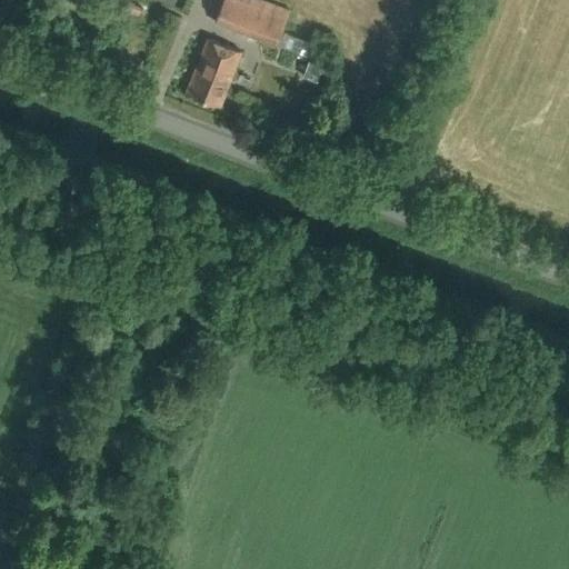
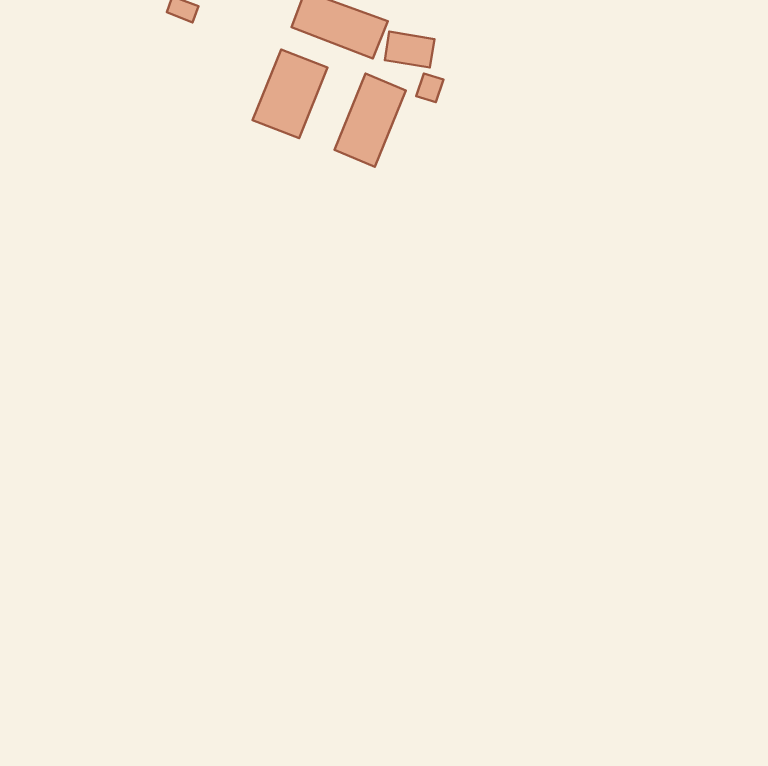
building: none -> [335,73,406,167]

